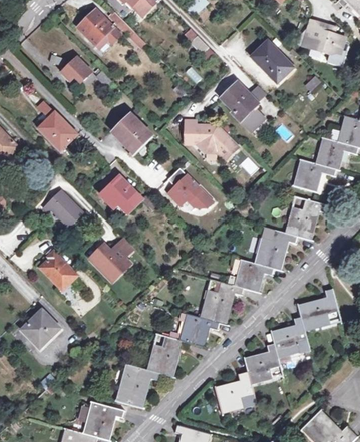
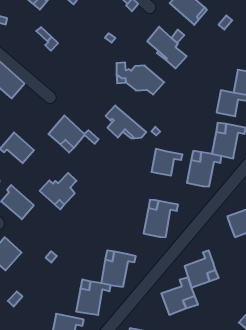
building: [61,57,91,82] -> none
building: [112,113,151,153] -> none
building: [236,259,273,291] -> [151,149,183,176]
building: [179,312,219,346] -> none
building: [271,316,310,356] -> none

